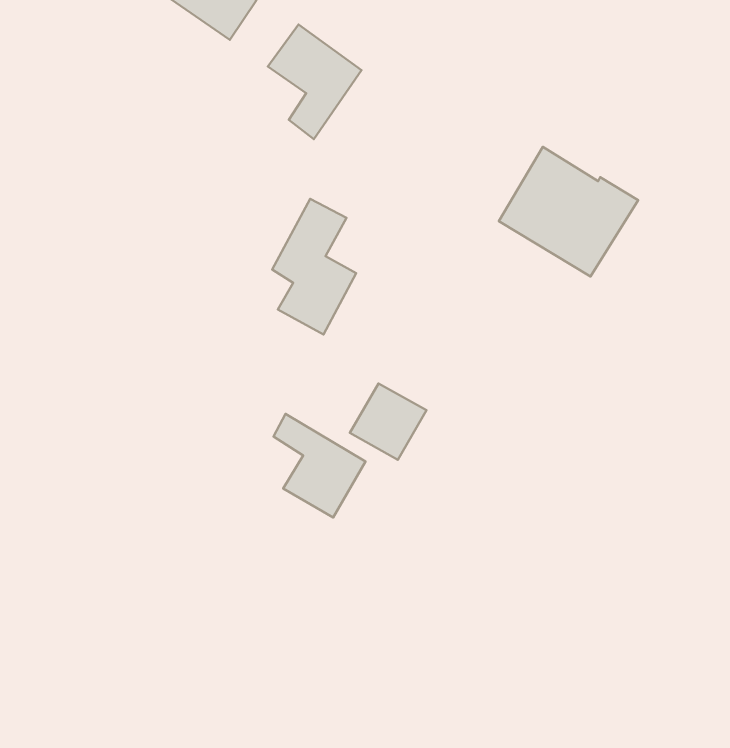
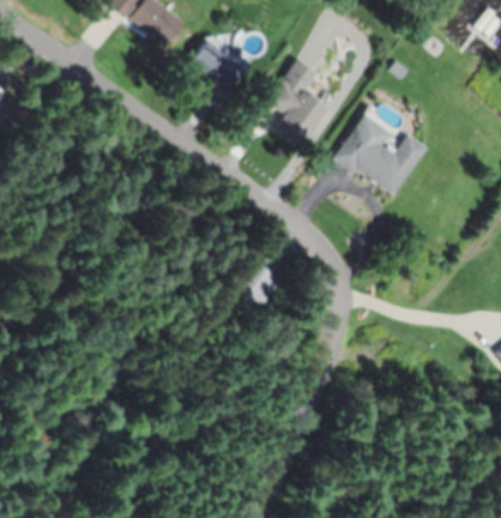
building: [272,199,356,334] -> [270,60,322,145]
building: [273,414,365,518] -> none

